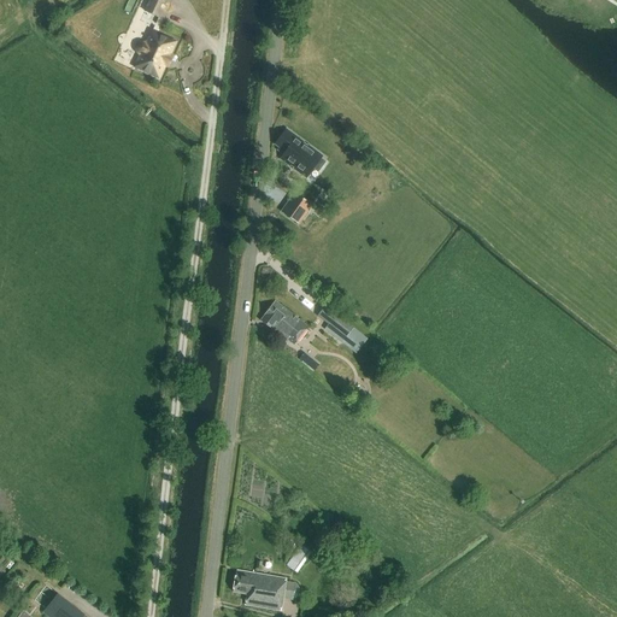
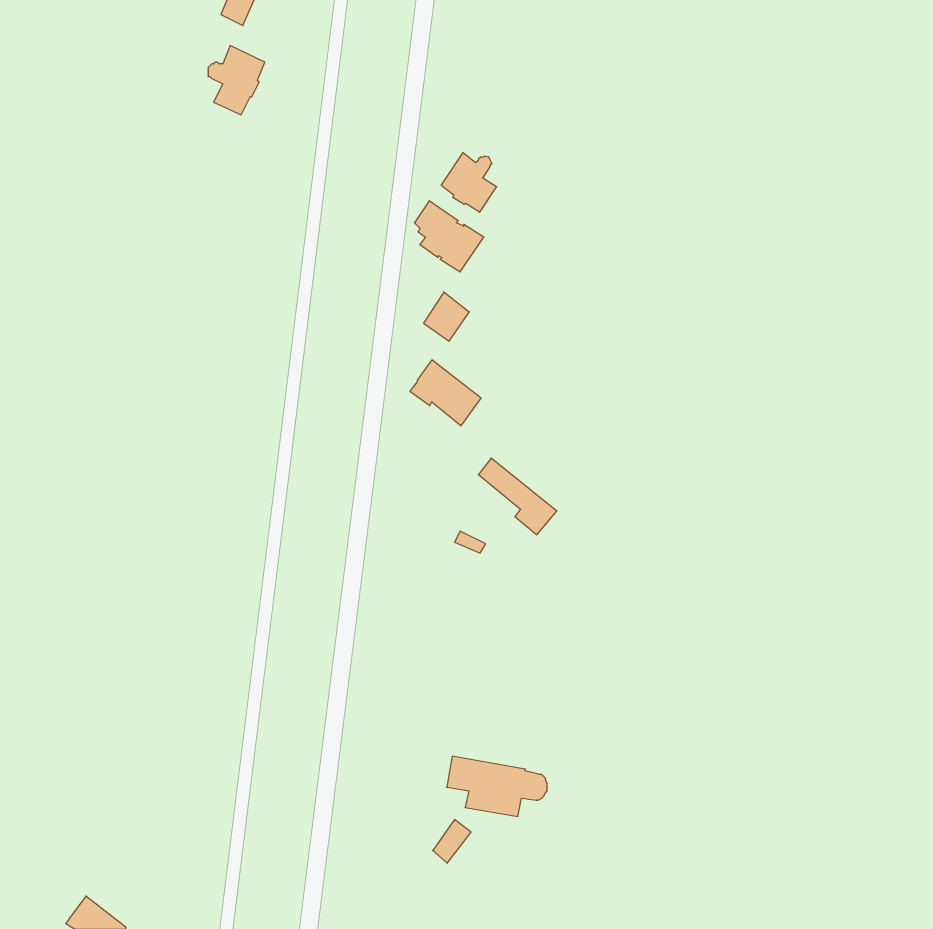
building: none -> [441,153,497,212]
building: [260,299,307,342] -> [410,360,481,426]
building: [233,569,299,609] -> [447,756,547,816]

